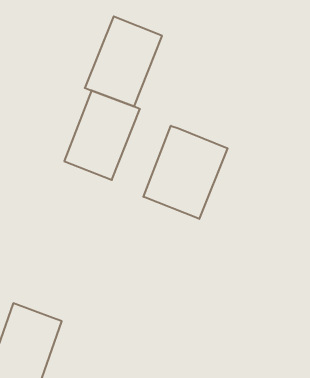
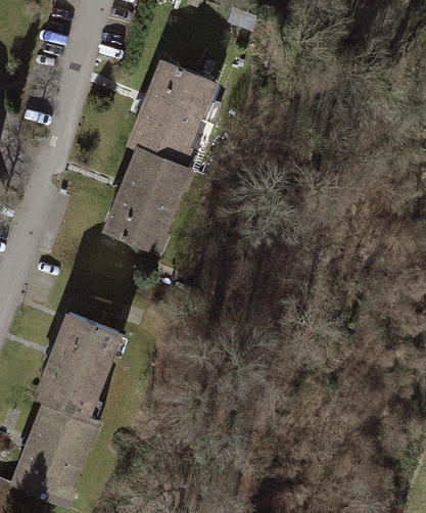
building: [143,126,228,219] -> none
building: none -> [34,313,120,420]

